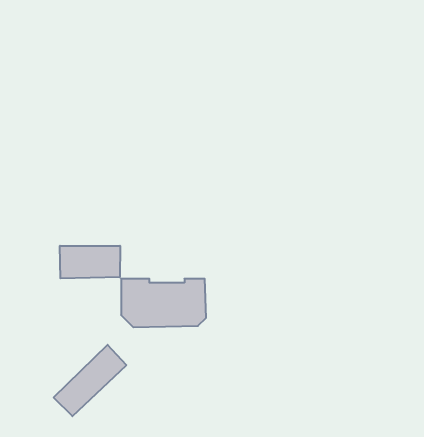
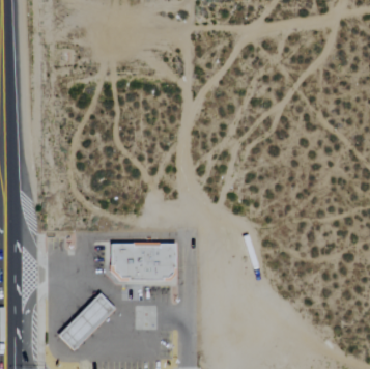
building: [60,246,120,278] -> none

